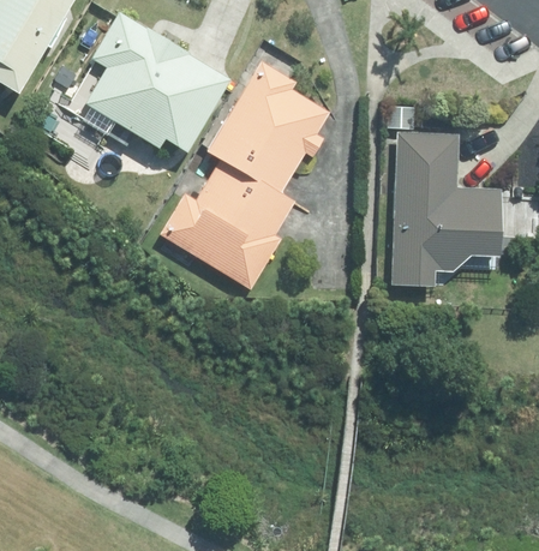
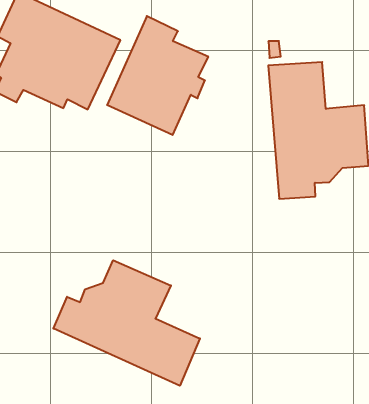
building: [160,158,292,288] -> none
building: none -> [53,260,200,386]

